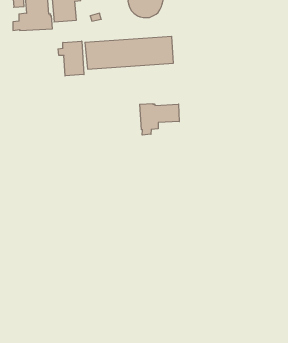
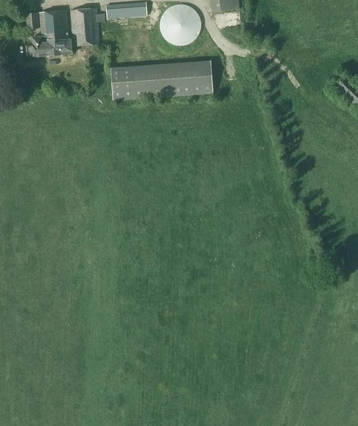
building: [58,41,84,76] -> none
building: [140,104,179,135] -> none

